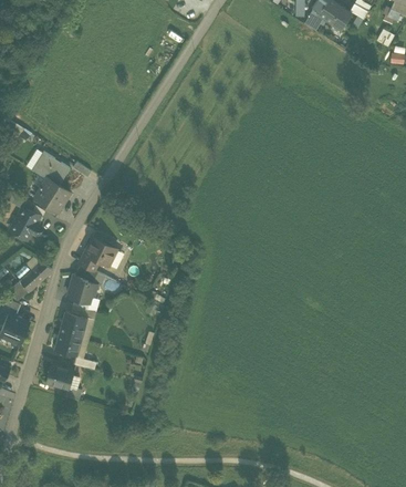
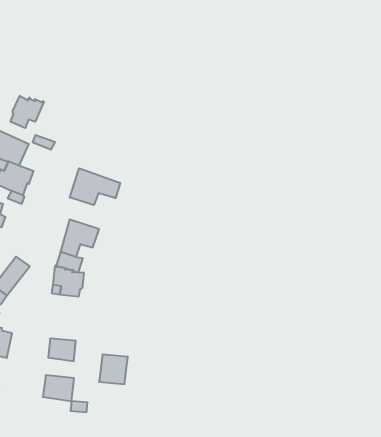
building: none -> [11,96,44,128]
building: none -> [70,168,120,205]
building: [60,311,87,339] -> [99,355,128,384]

